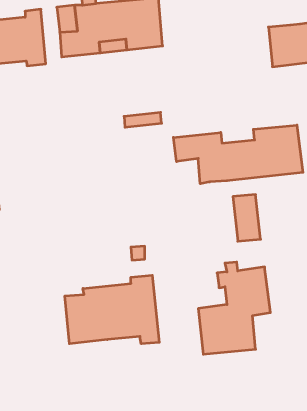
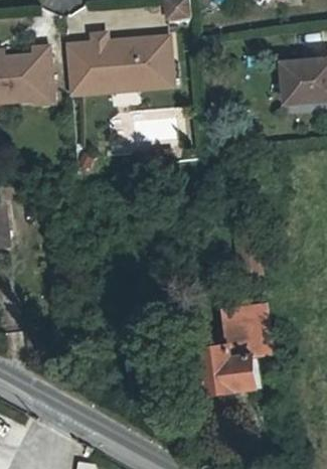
building: [173,125,303,184] -> none
building: [65,275,159,344] -> none

